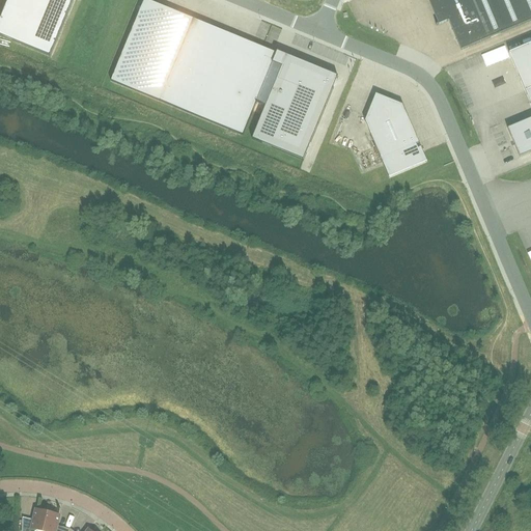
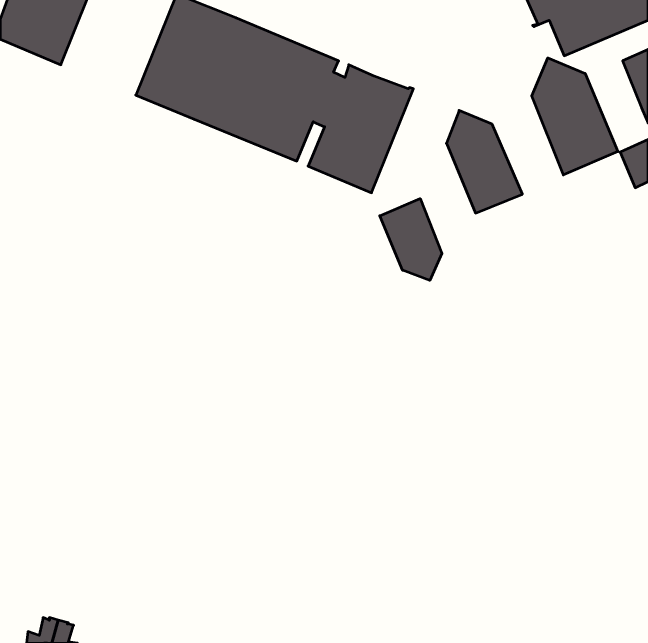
building: none -> [532,58,618,175]
building: none -> [380,199,442,280]

